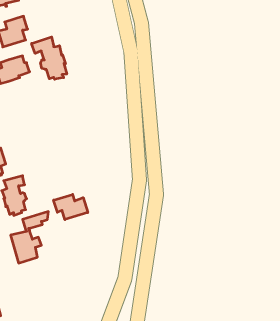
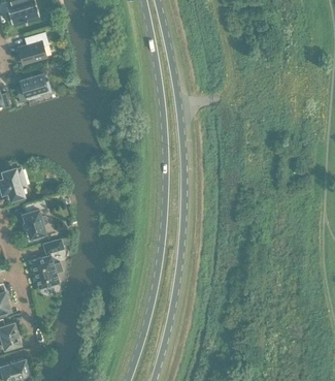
building: [32,37,67,79] -> none
building: [54,194,88,220] -> none

